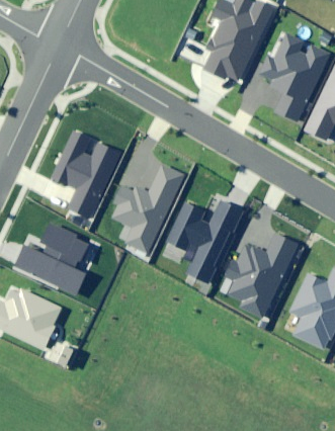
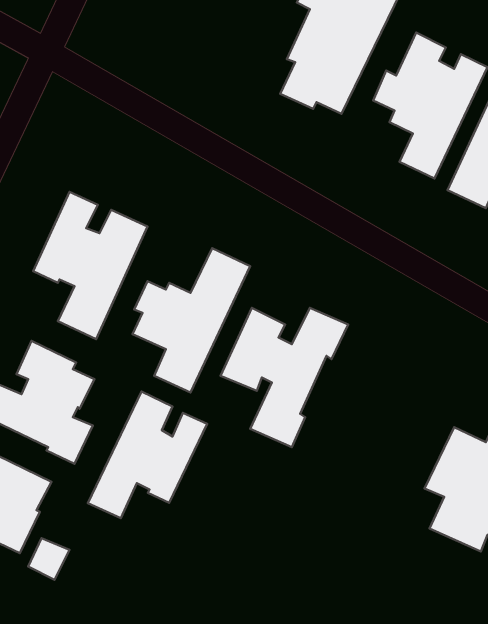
building: [221,235,298,319] -> none
building: none -> [88,392,207,518]

